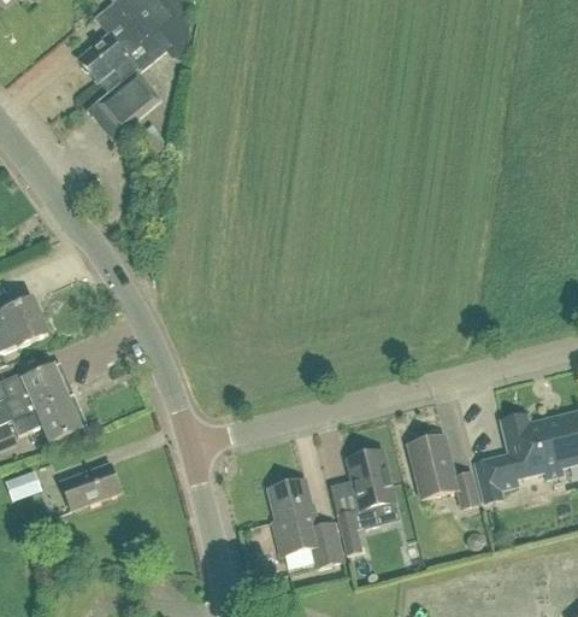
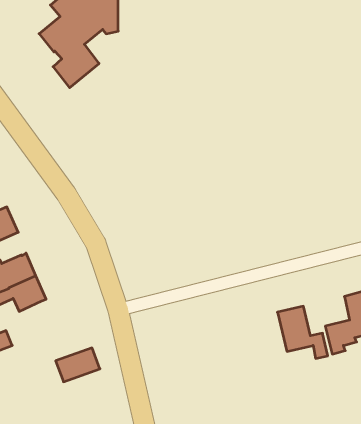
building: [336,451,394,552] -> none
building: [59,462,120,509] -> [56,348,100,382]
building: [266,478,341,568] -> none

